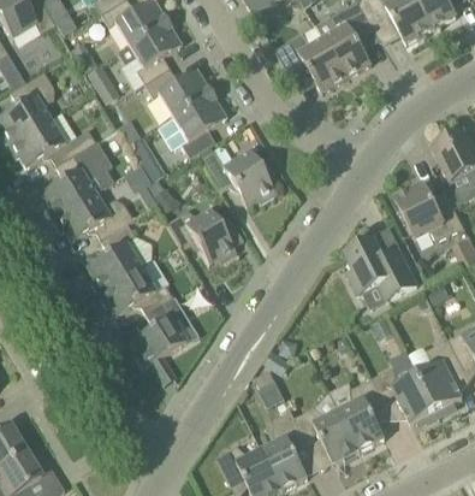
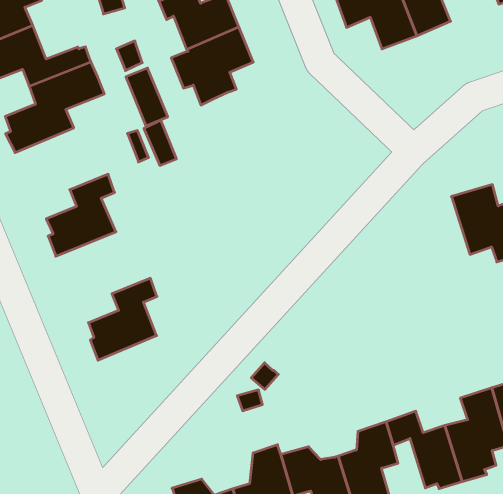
building: [198,144,274,205] -> none
building: [53,191,133,241] -> none
building: [166,208,236,262] -> none
building: [344,237,417,307] -> none
building: [97,266,173,314] -> none

